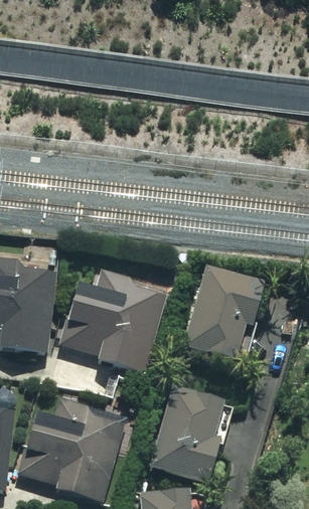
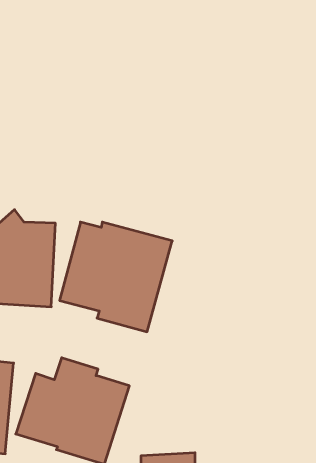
building: [182,266,264,363] -> none
building: [148,385,224,484] -> none

